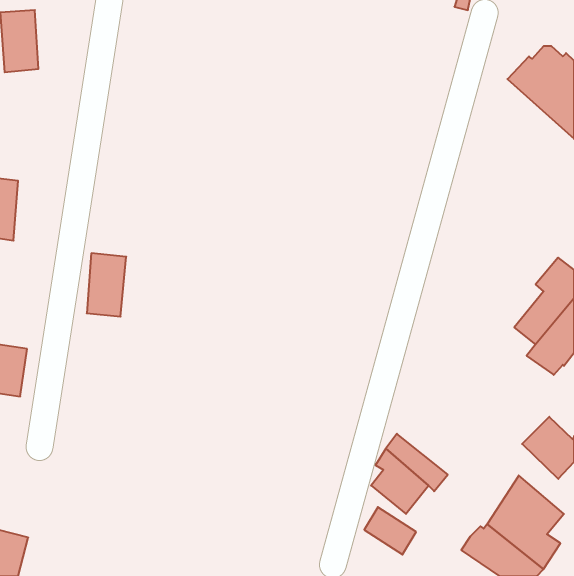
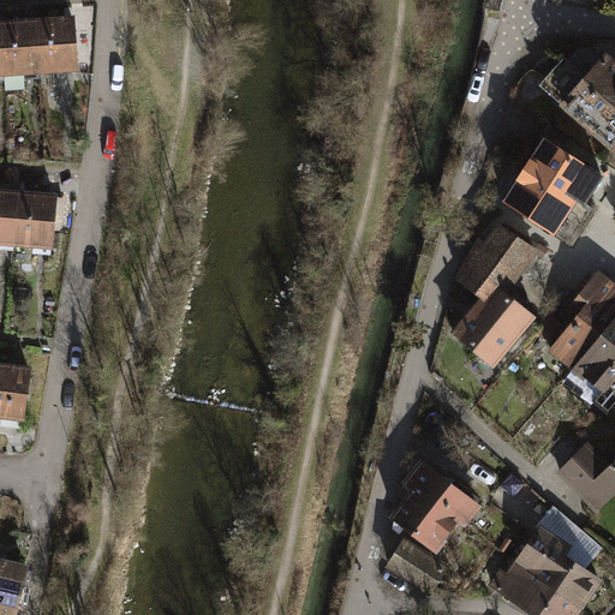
building: none -> [37,8,78,73]
building: none -> [503,124,601,243]
building: none -> [452,226,533,364]
building: [87,253,126,317] -> [14,192,56,259]

